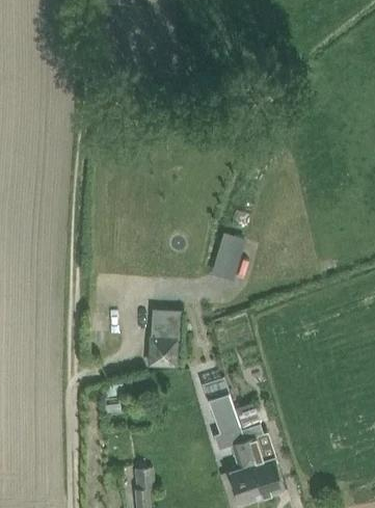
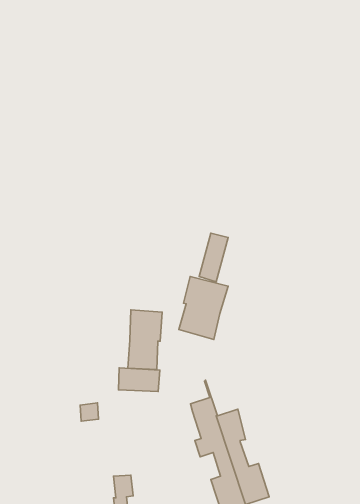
building: none -> [179,276,228,339]
building: none -> [119,368,160,392]

